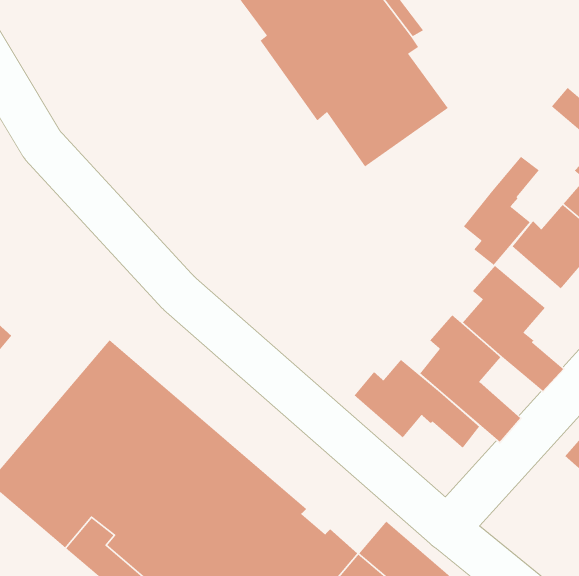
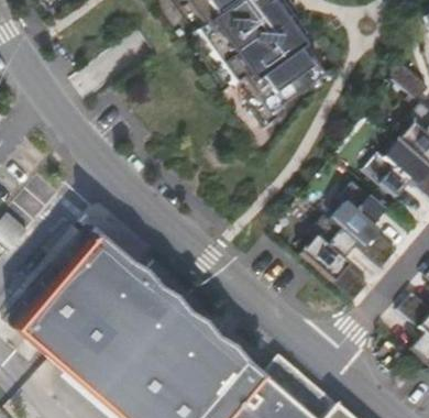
building: [463,156,540,266] -> none
building: [354,359,480,449] -> none

